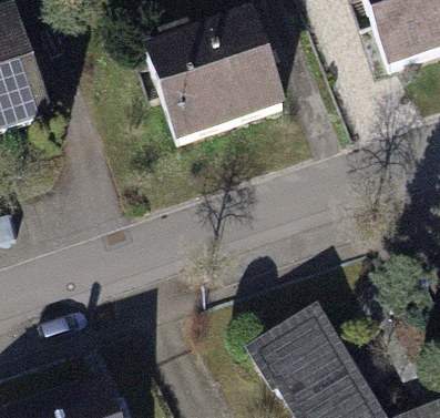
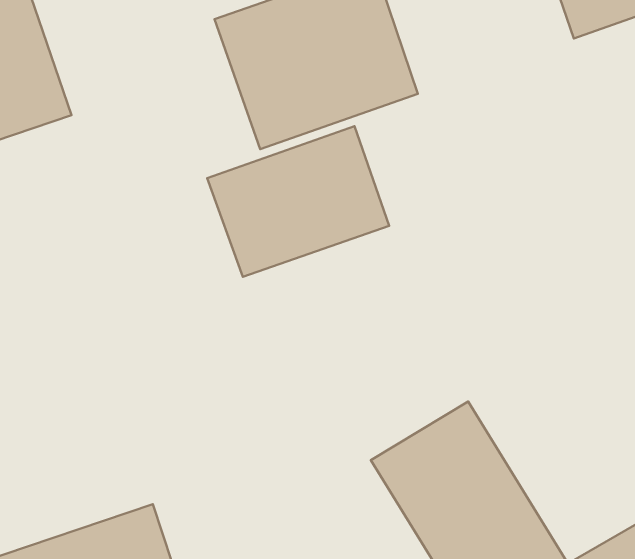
building: none -> [207,126,389,277]

